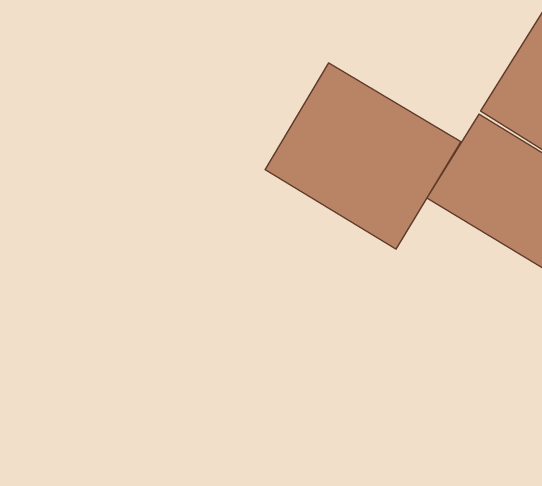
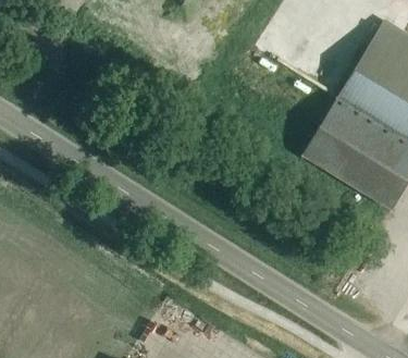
building: [265,63,461,249] -> none

